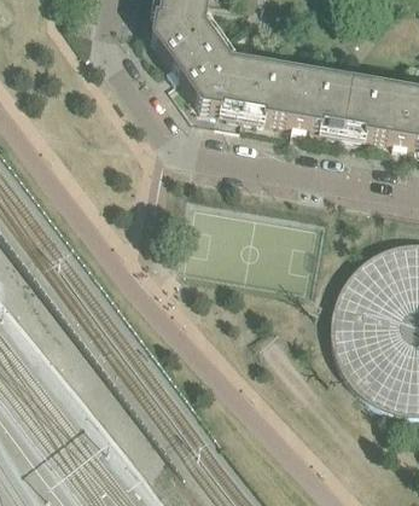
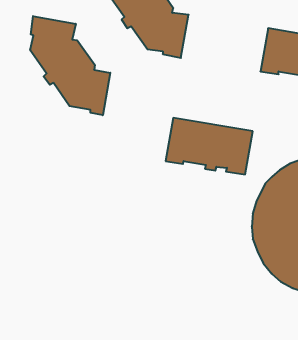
building: [244,57,354,128] -> [166,118,253,174]
building: none -> [30,16,110,115]

